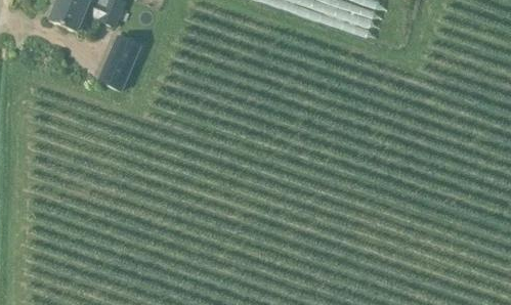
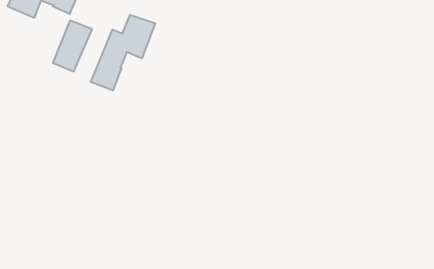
building: none -> [91,15,155,90]

